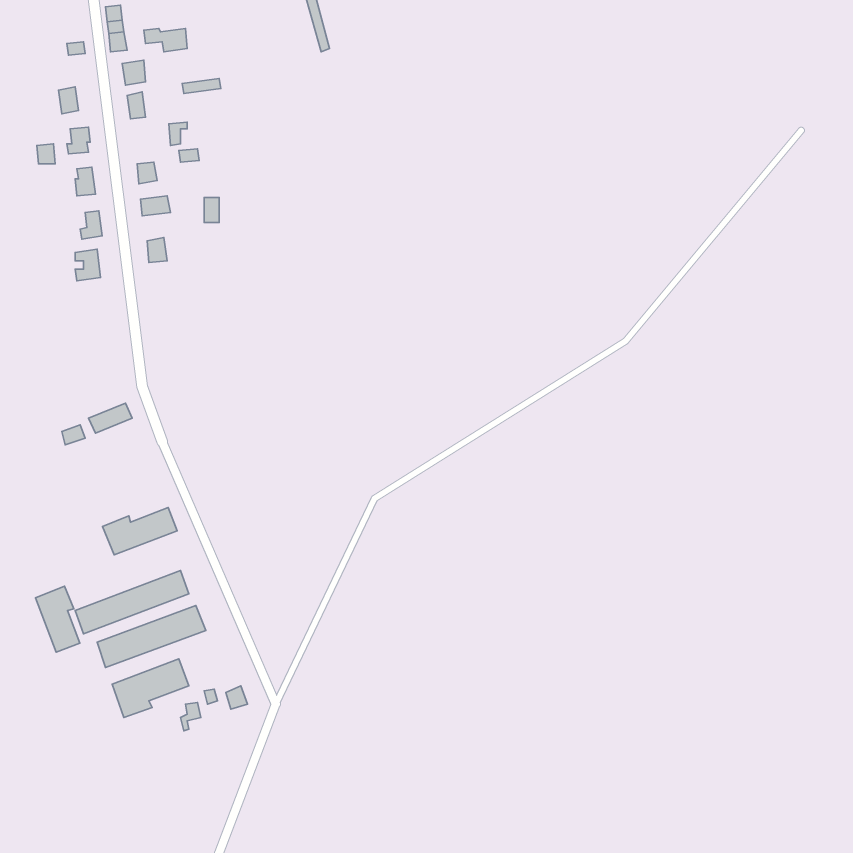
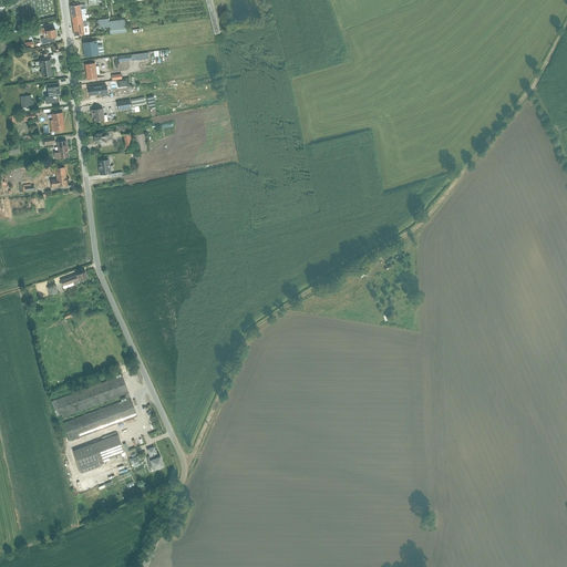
building: [102,508,177,555] -> none
building: [35,586,80,652] -> none

